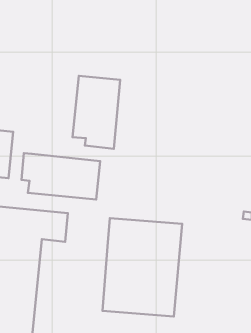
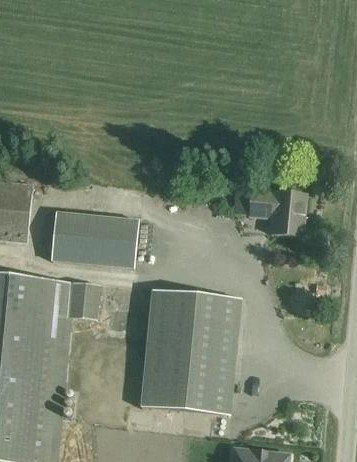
building: [72,76,120,149] -> none
building: none -> [249,190,306,235]

